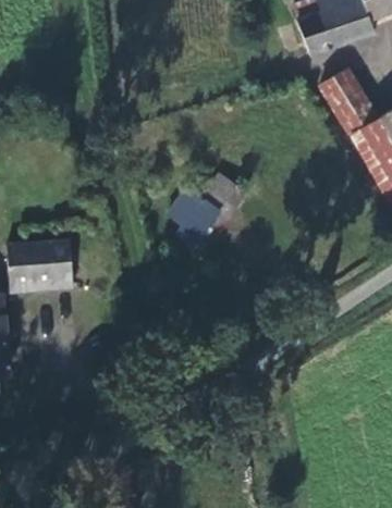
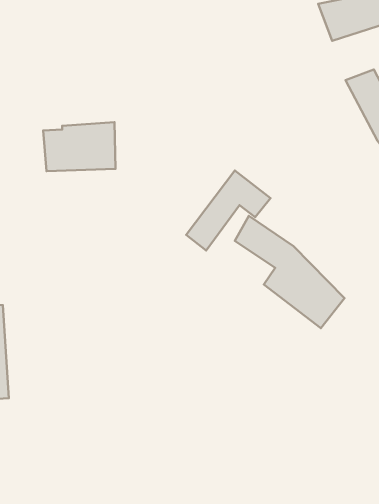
building: none -> [235,216,345,328]
building: [12,245,78,289] -> [43,122,116,171]

